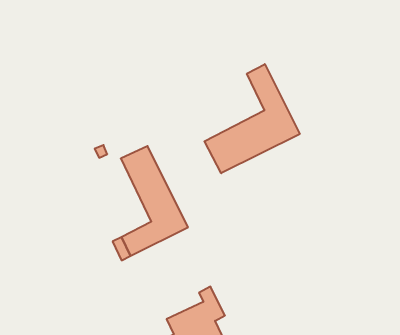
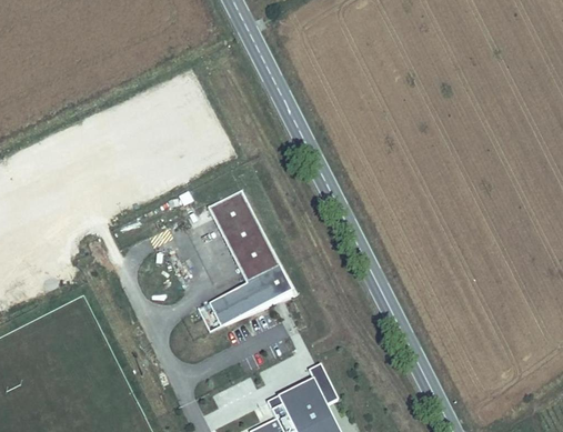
building: [204,64,300,173] -> none

